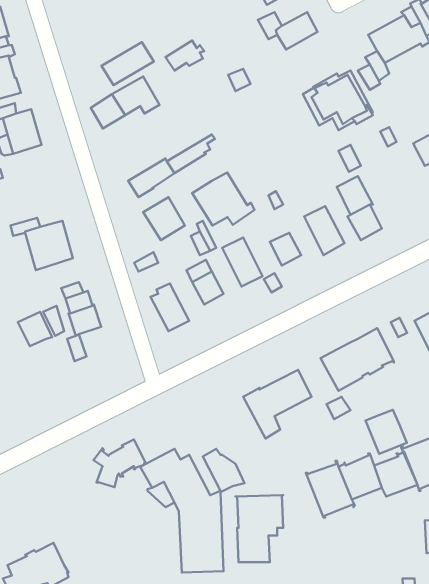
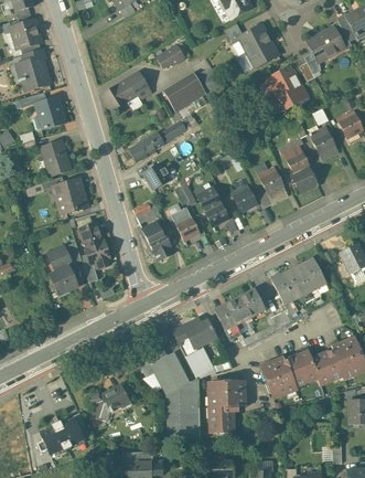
building: none -> [238,38,278,67]
building: [102,42,154,85] -> [164,73,203,105]
building: none -> [311,126,339,159]
building: none -> [41,139,71,176]
building: [192,173,255,226] -> none
building: none -> [50,265,77,295]
building: [365,410,407,454] -> none
building: none -> [173,318,216,352]
building: [93,439,146,487] -> [92,383,130,418]

